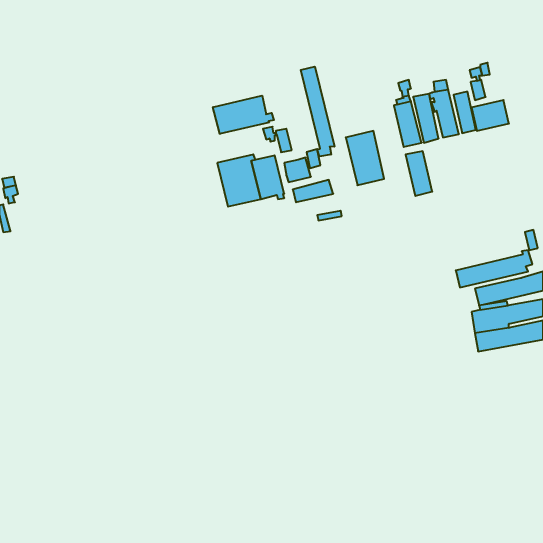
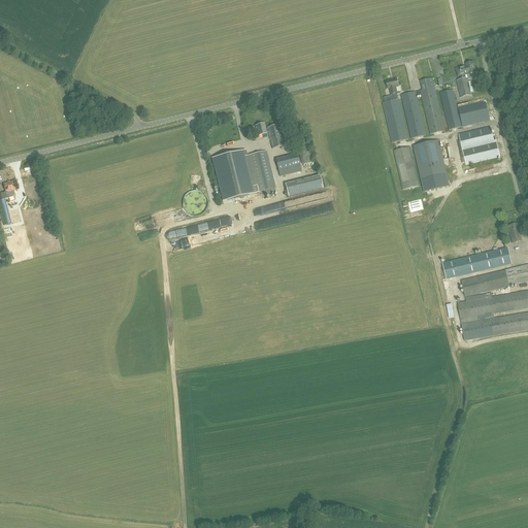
building: [301,67,334,156] -> none
building: [213,96,274,134] -> none
building: none -> [458,126,499,164]
building: [346,131,384,185] -> [411,139,449,192]

